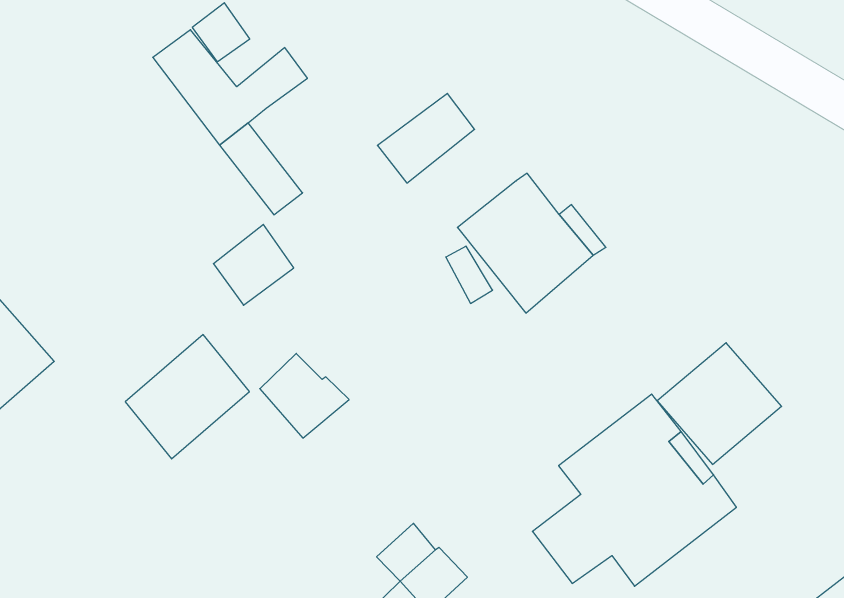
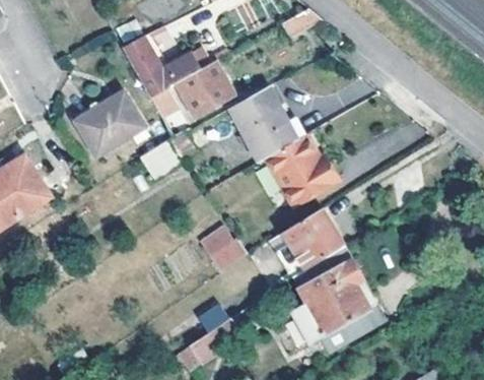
building: none -> [176,59,234,117]
building: none -> [241,108,297,159]
building: [125,335,249,459] -> [77,92,141,153]
building: [657,343,782,464] -> [282,206,345,267]
building: [260,353,349,438] -> [201,227,246,270]

